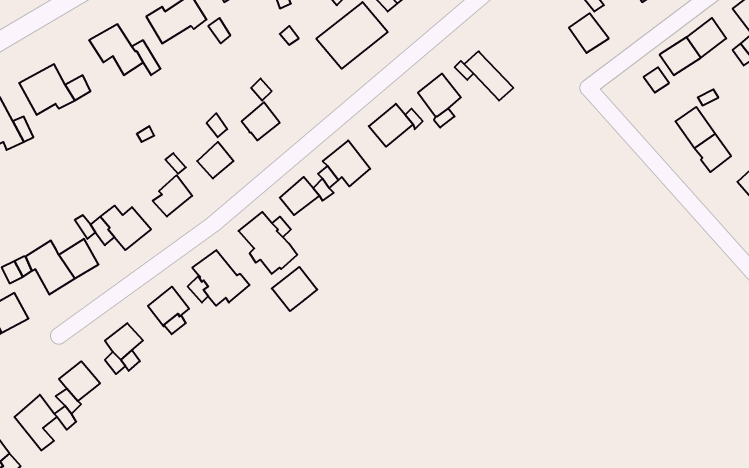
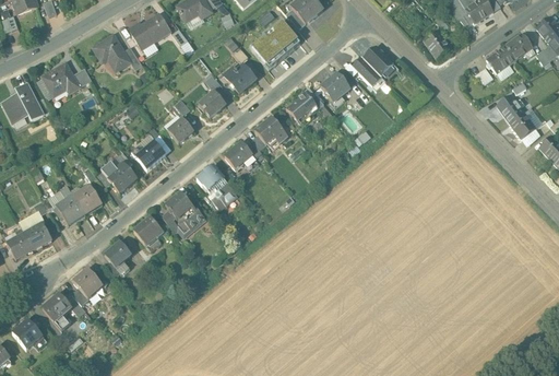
building: none -> [362,45,399,81]
building: none -> [224,64,255,93]
building: [272,267,317,311] -> none

